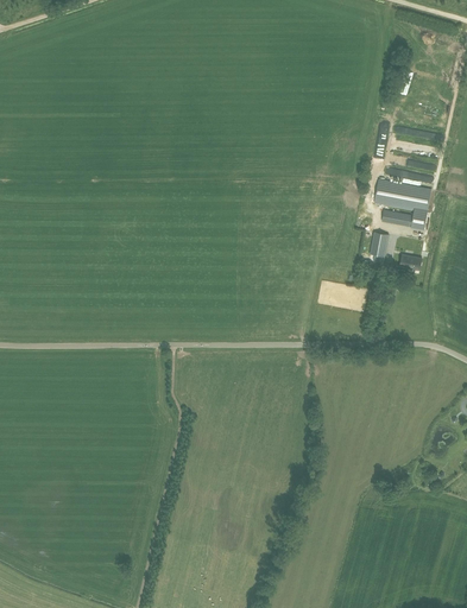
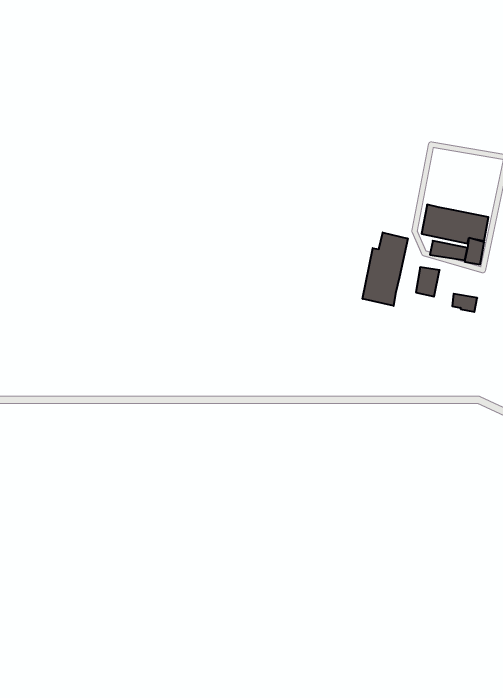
building: none -> [363,232,408,306]

